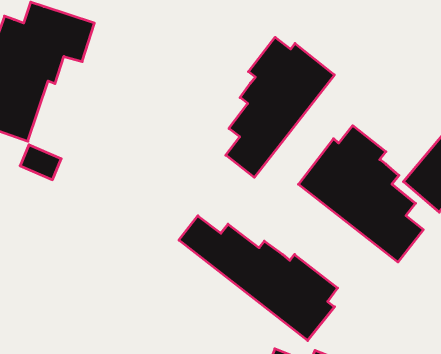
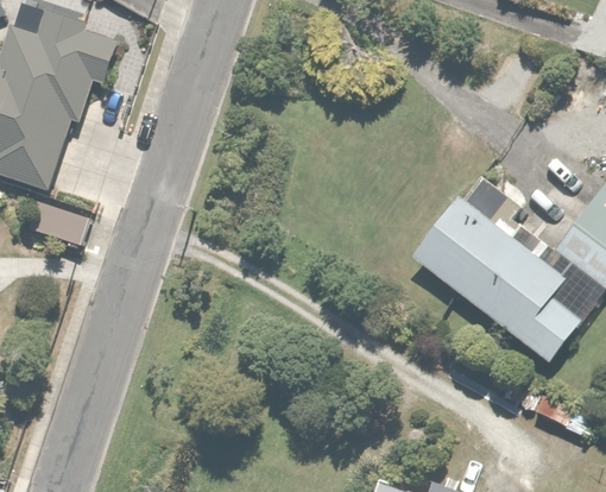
building: [226,37,334,177] -> none
building: [179,216,338,341] -> none

